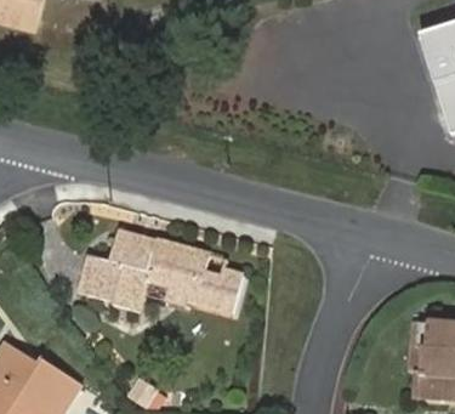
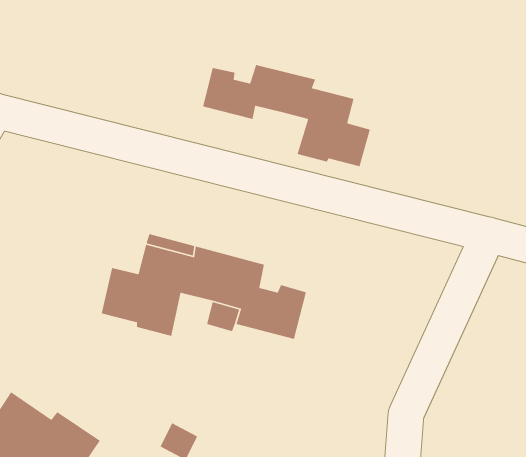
building: none -> [202,64,371,167]

